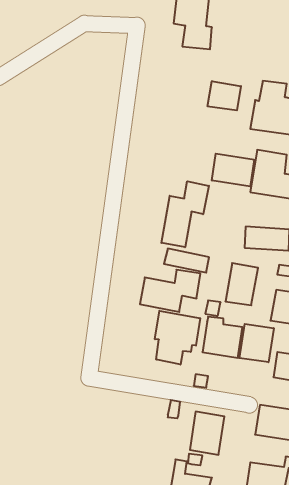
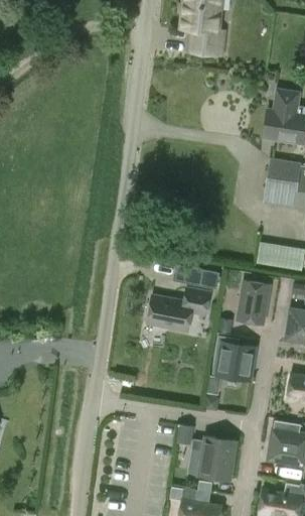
building: [208,81,241,110] -> none
building: [212,154,254,187] -> none
building: [161,181,209,247] -> none
building: [155,311,200,365] -> none
building: [239,324,274,362] -> none

